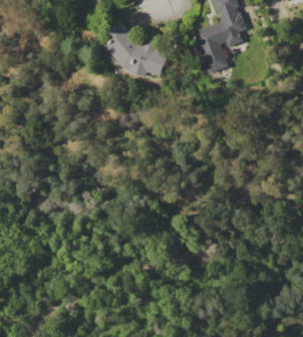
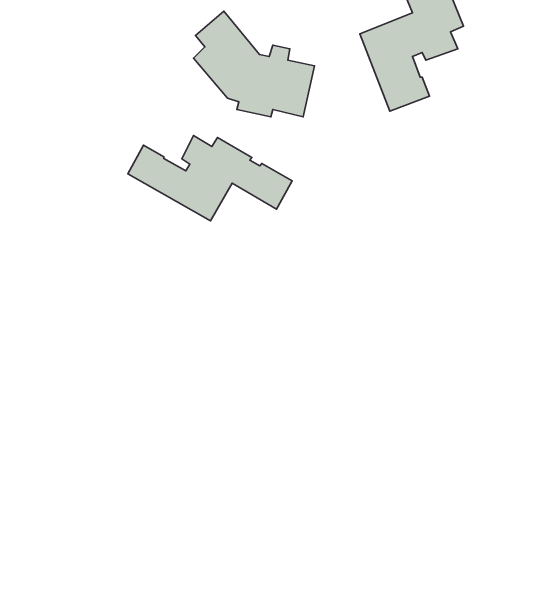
building: none -> [128,135,292,221]

